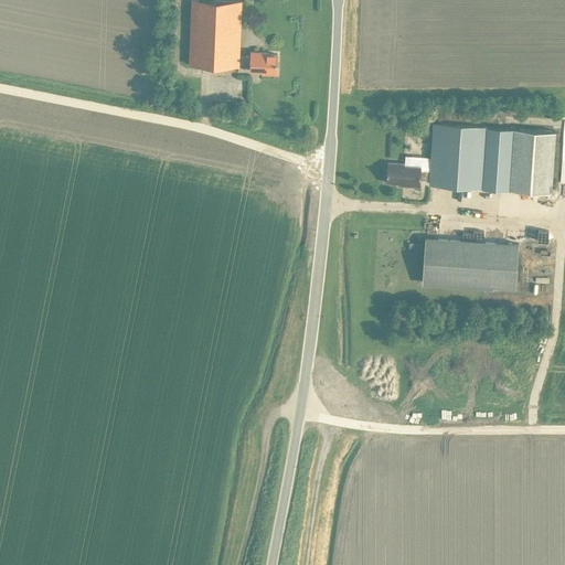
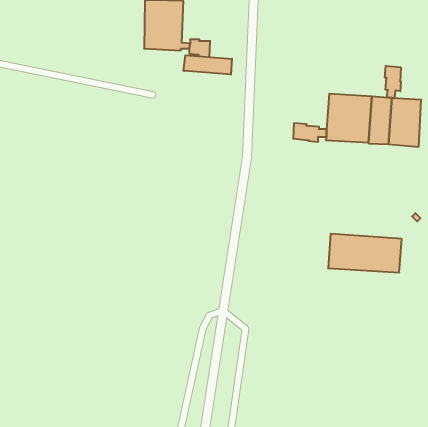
building: none -> [184,55,232,75]
building: none -> [385,66,401,98]
building: [422,239,519,290] -> [328,234,402,272]

